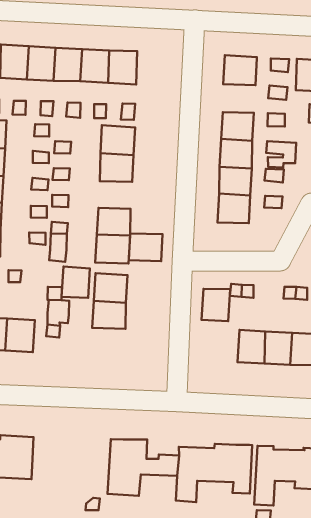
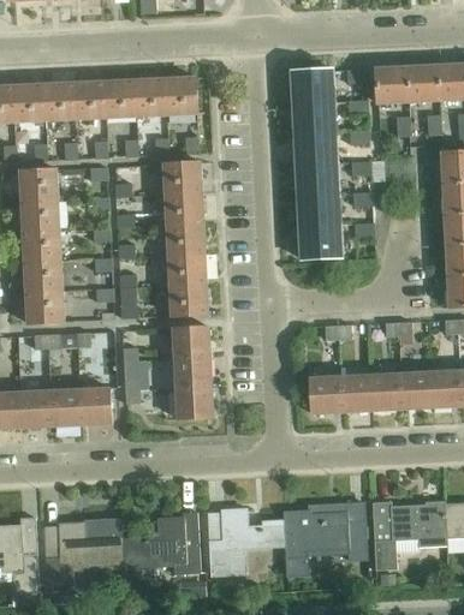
building: none -> [295,101,332,135]
building: [129,233,162,261] -> [167,222,204,255]
building: [62,266,90,298] -> none
building: [202,289,230,321] -> [309,376,340,413]
building: none -> [174,387,213,419]
building: none -> [121,512,200,573]

